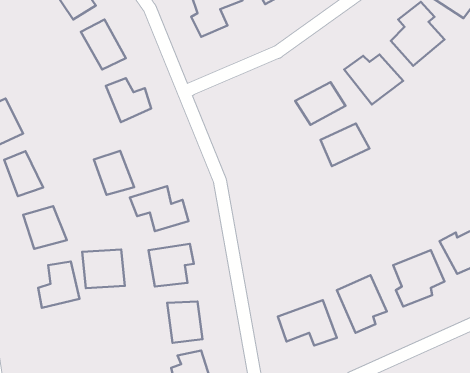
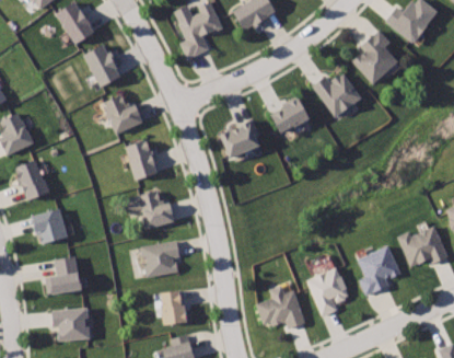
building: [321,123,370,166] -> [221,123,264,160]
building: [94,151,134,195] -> [125,140,160,178]
building: [82,249,125,288] -> [54,307,91,340]

